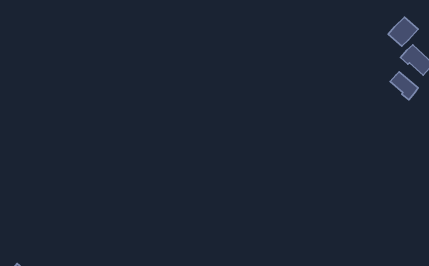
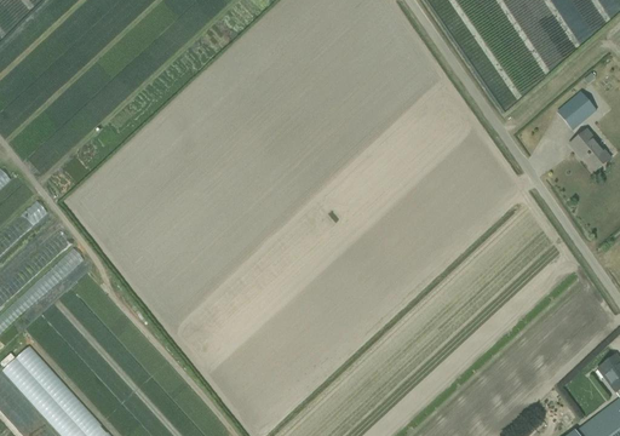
building: [390,72,418,100] -> none

